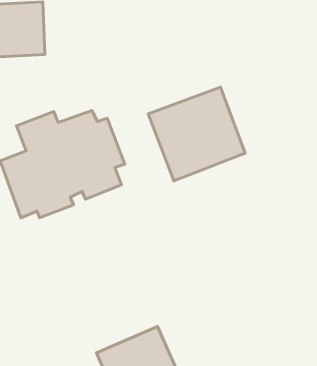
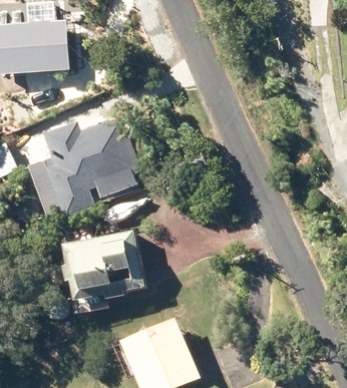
building: [148,87,245,181] -> none
building: none -> [60,232,142,301]

